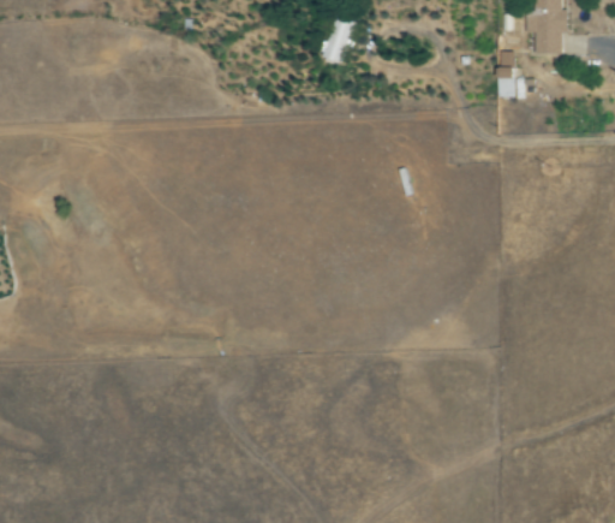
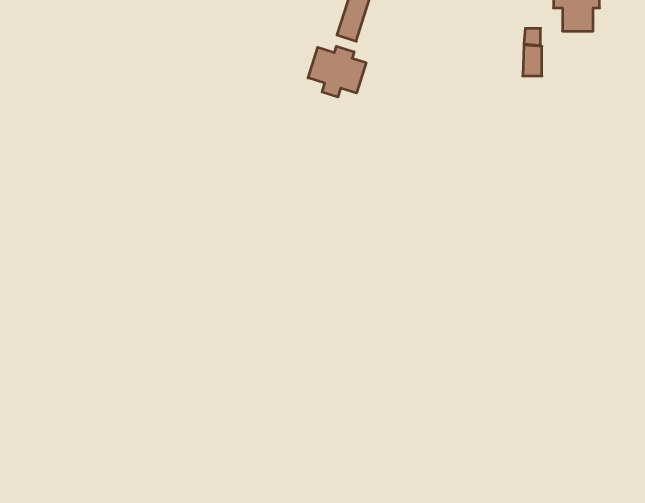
building: none -> [308,46,366,97]

